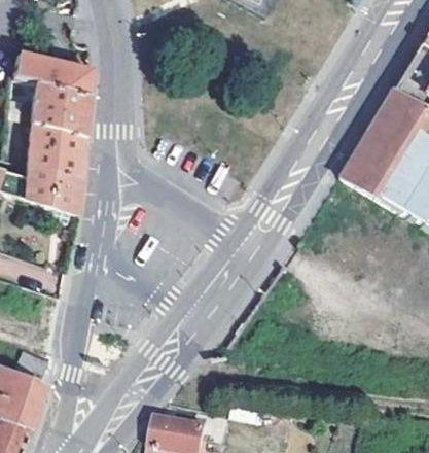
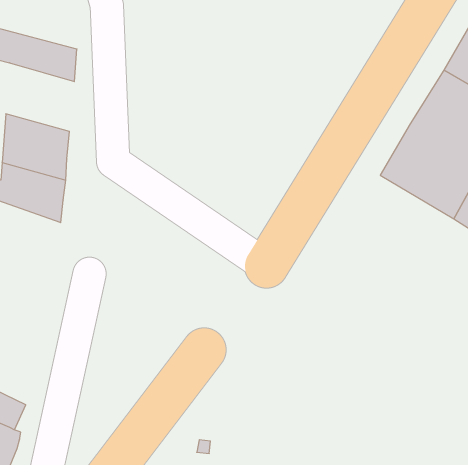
building: [33,82,90,139] -> none

